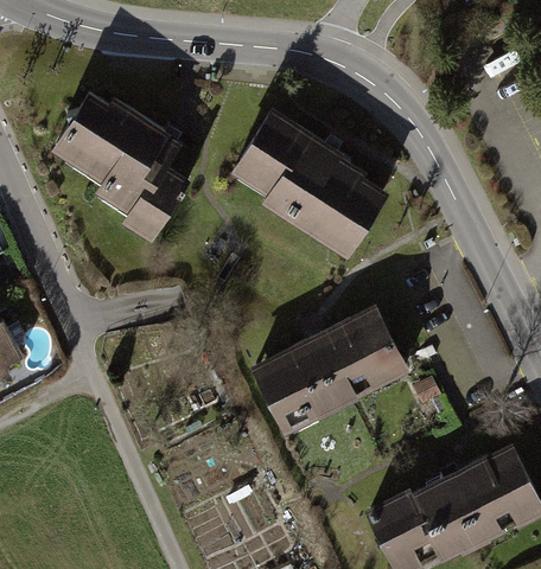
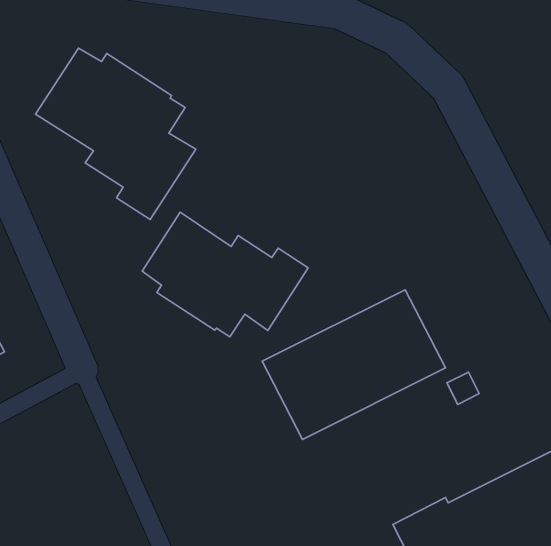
building: [229,107,389,260] -> none
building: none -> [142,212,308,337]

